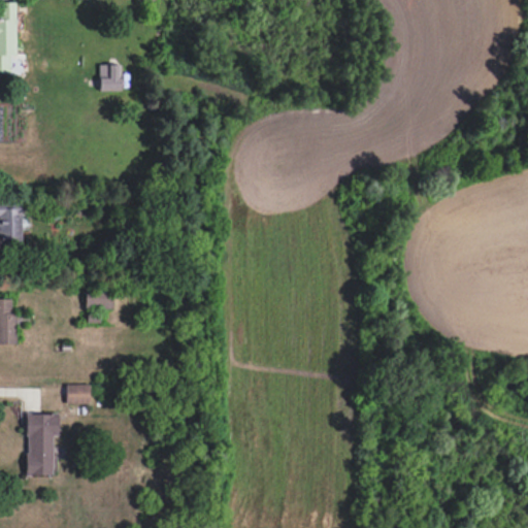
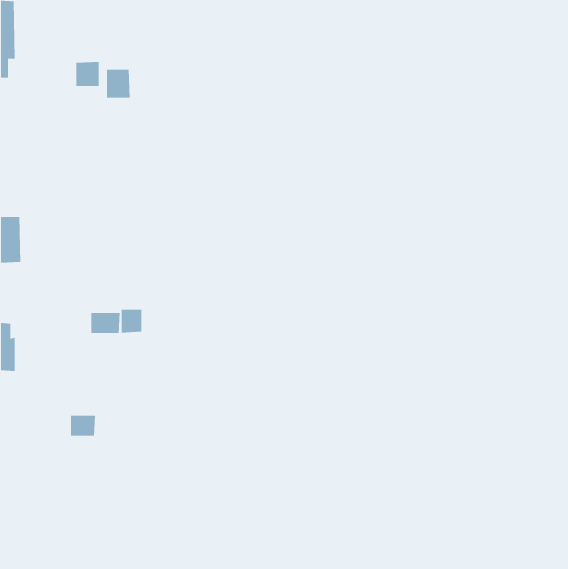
building: none -> [76,61,99,87]
building: none -> [121,309,142,333]
building: [26,414,59,476] -> none

